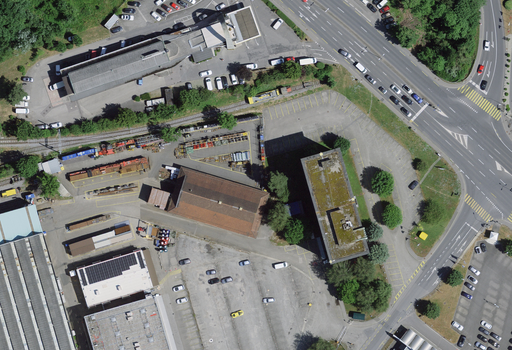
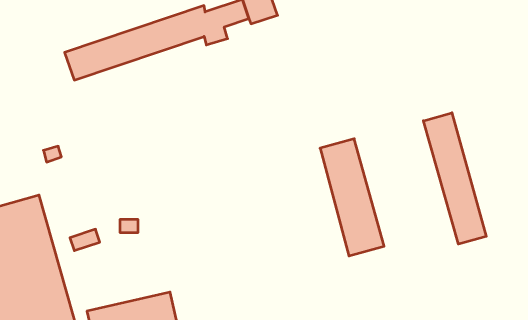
building: none -> [423,113,486,244]
building: [145,167,268,237] -> none
building: [75,249,158,306] -> none

